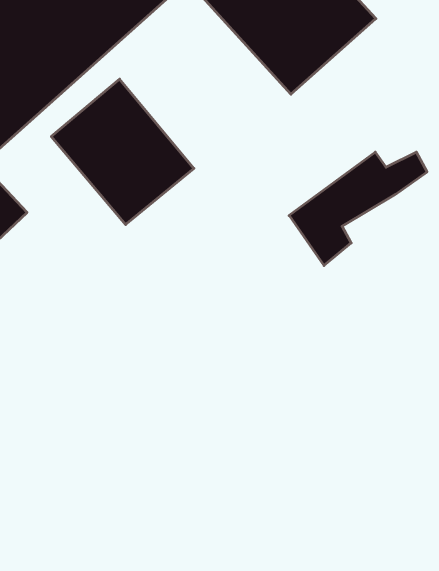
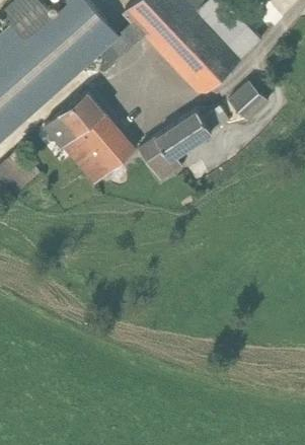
building: none -> [226,79,264,117]
building: [289,152,427,266] -> [138,106,230,182]

